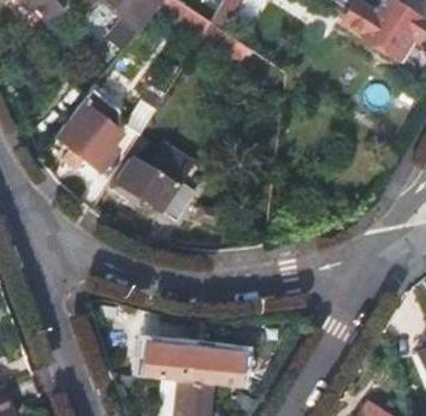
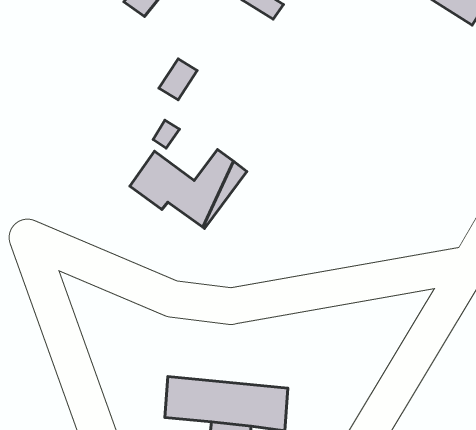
building: [55,96,116,174] -> none

